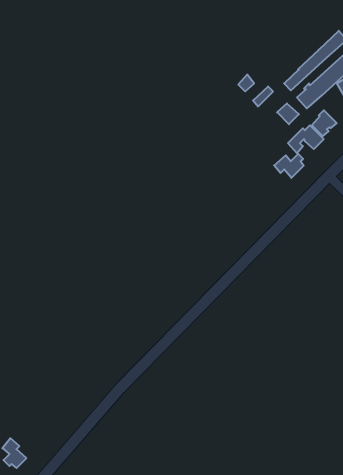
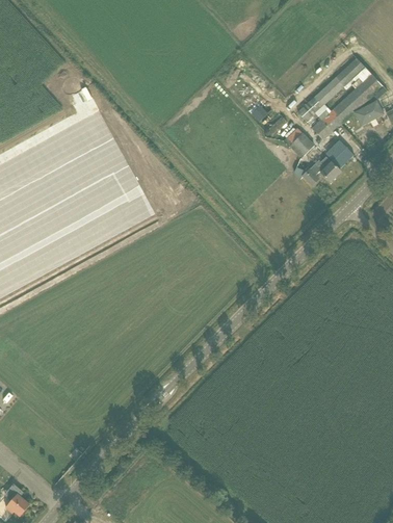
building: [274,154,304,178] -> none

